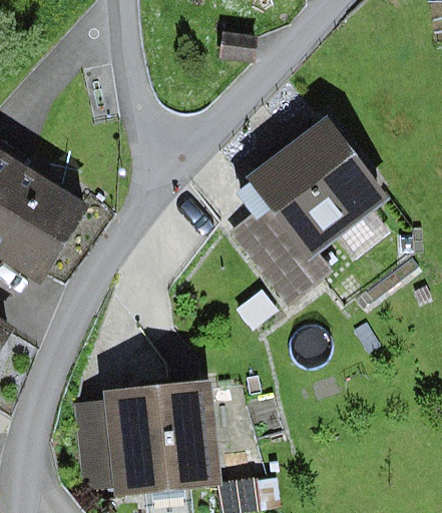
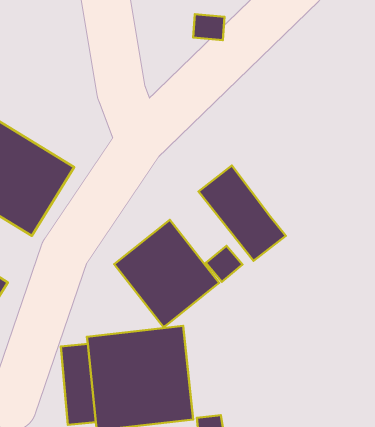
building: [248,117,388,258] -> none
building: none -> [114,220,219,327]

